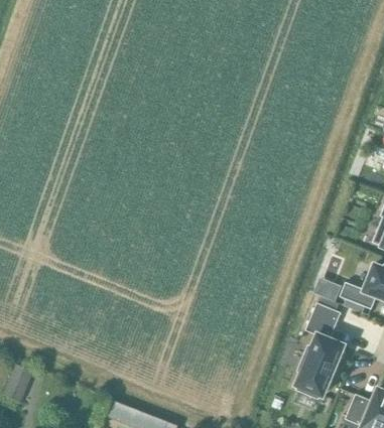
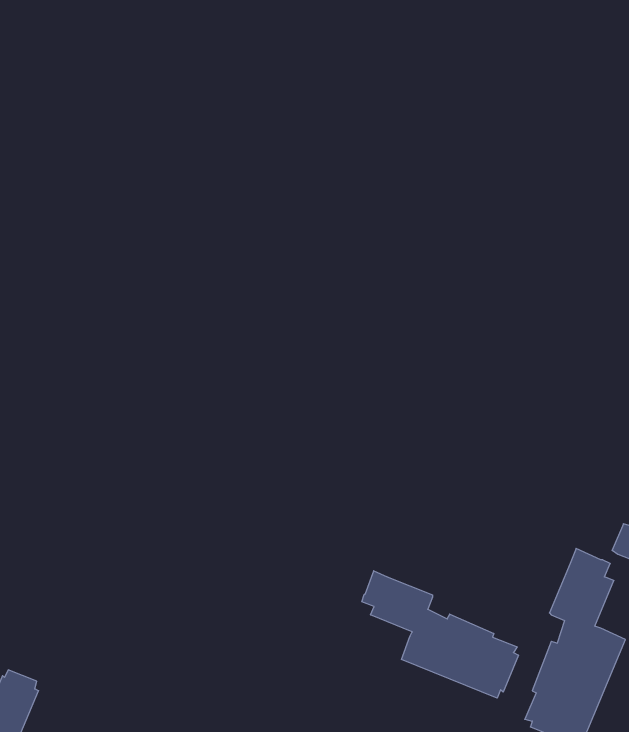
building: none -> [362,571,518,698]

